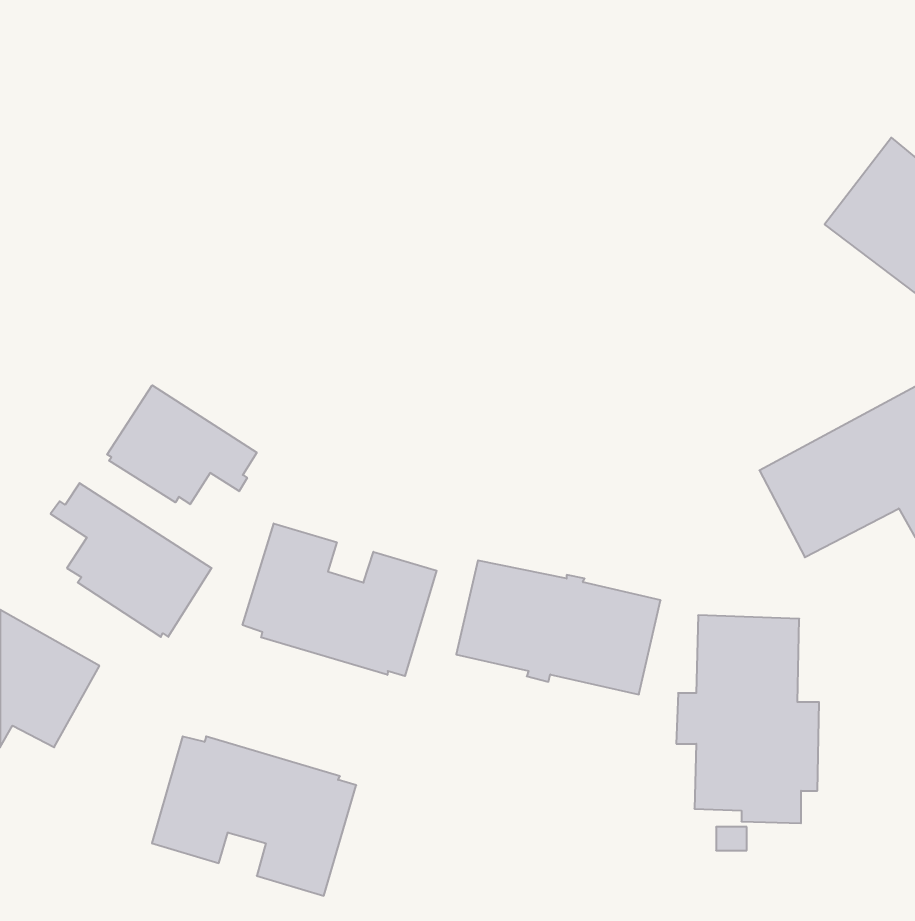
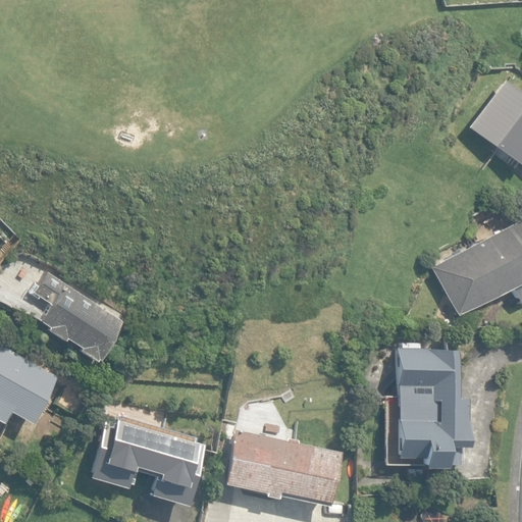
building: [107,385,257,504] -> none
building: [243,523,437,676] -> none
building: [456,560,661,694] -> [226,430,342,506]

